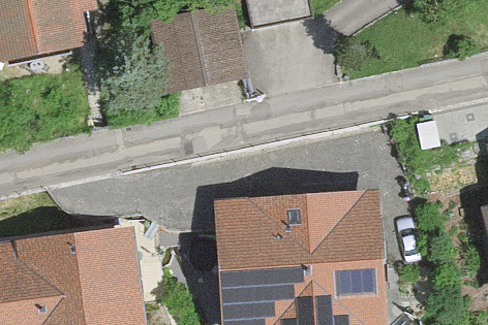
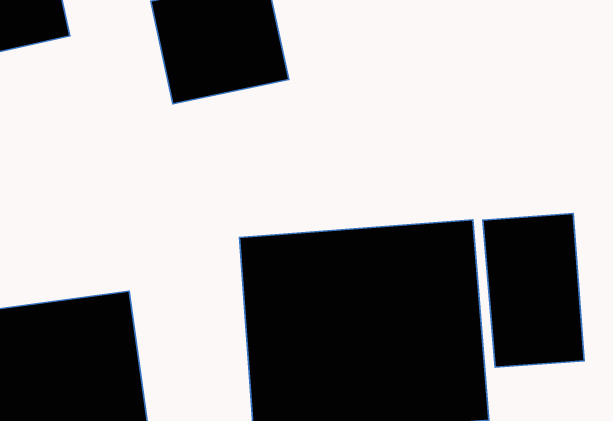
building: none -> [483,213,584,367]

